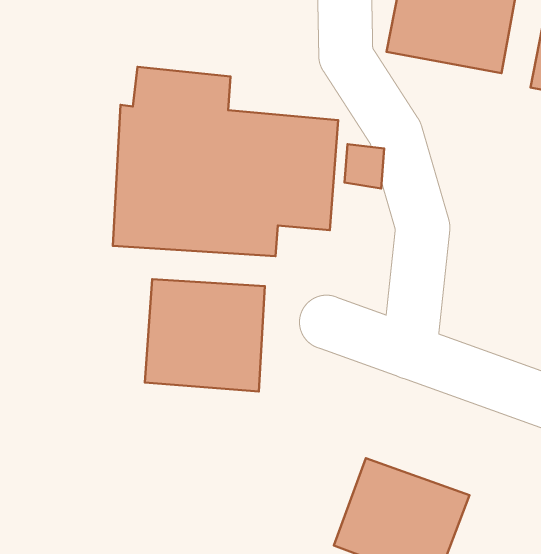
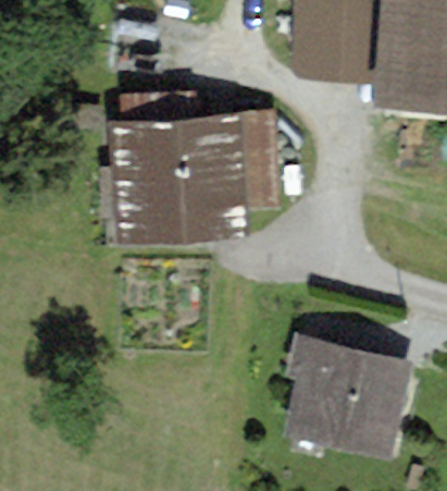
building: [145,279,265,392] -> none

